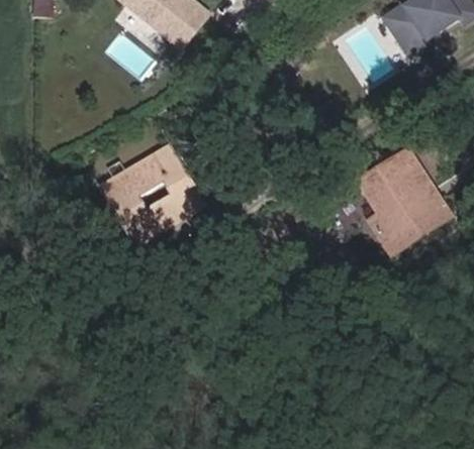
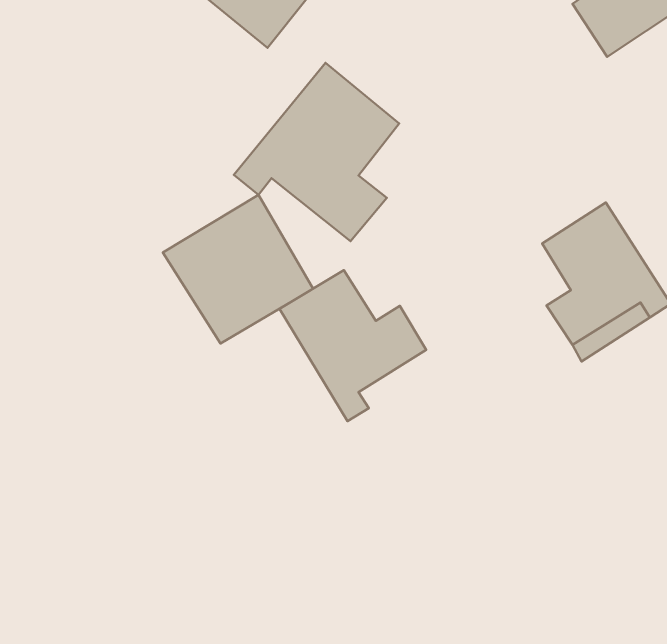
building: none -> [234,63,399,241]
building: none -> [280,270,426,421]

